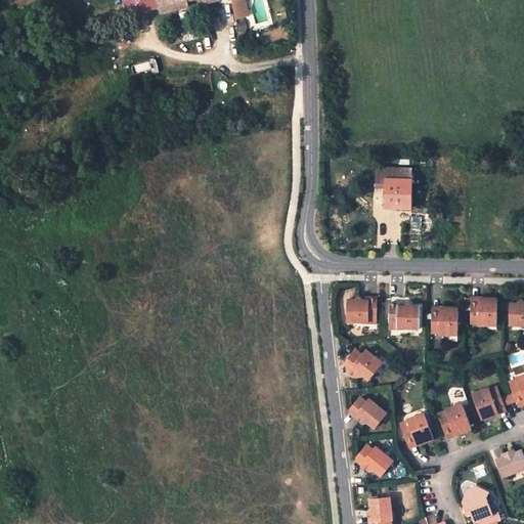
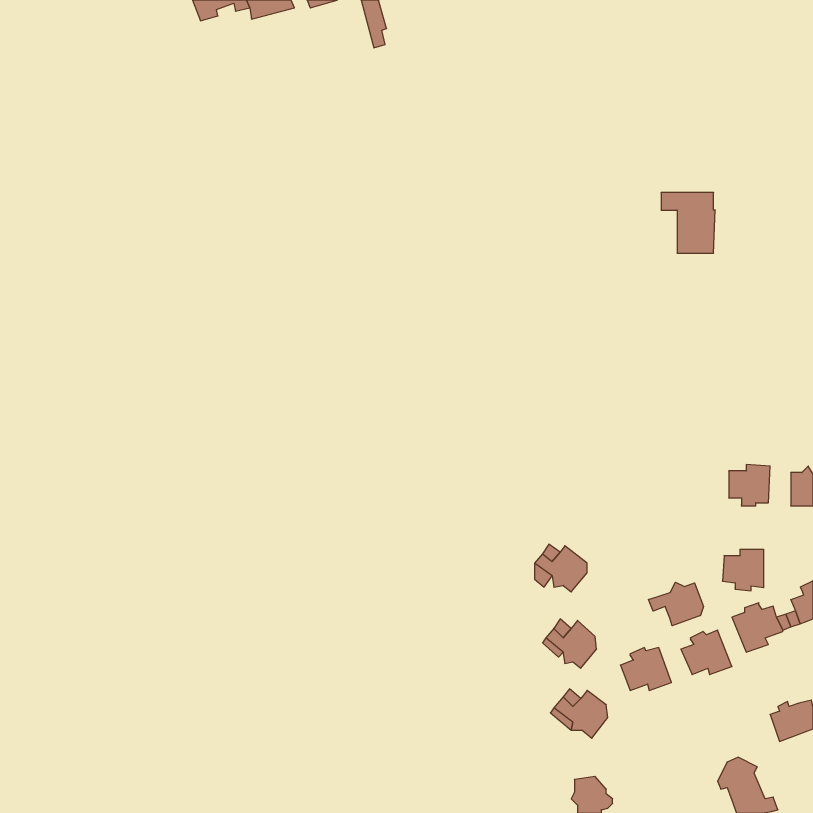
building: [379,171,413,210] -> [661,193,715,253]
building: [345,298,376,324] -> none
building: [388,302,418,329] -> none
building: [430,309,456,336] -> [722,549,764,591]
building: none -> [648,582,704,626]

